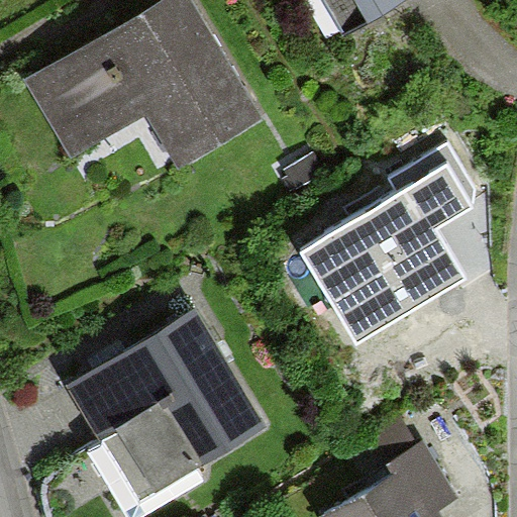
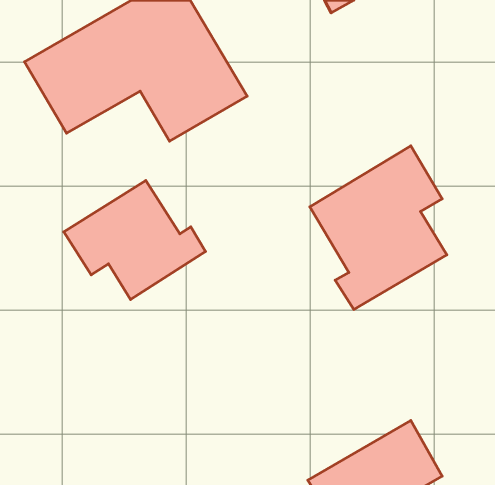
building: none -> [64,180,206,299]
building: [76,320,261,500] -> none

